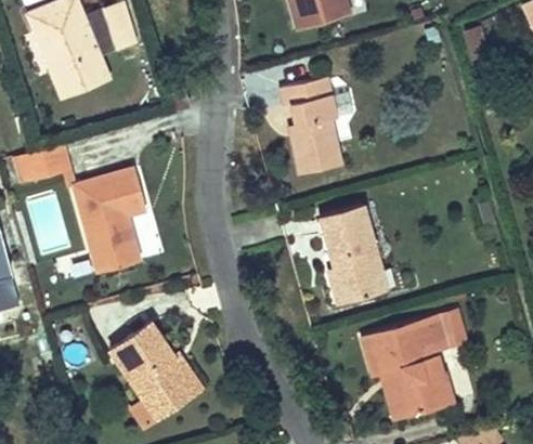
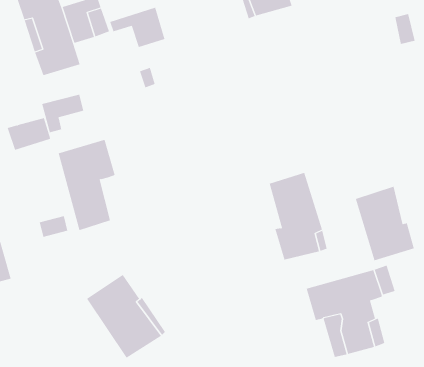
building: none -> [110,7,165,48]
building: [278,77,337,175] -> none
building: none -> [42,94,84,133]
building: none -> [355,186,415,261]

